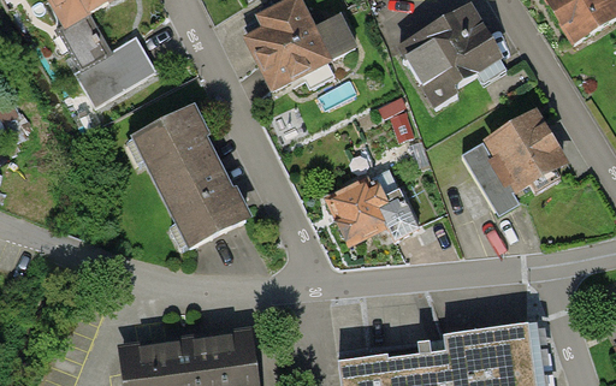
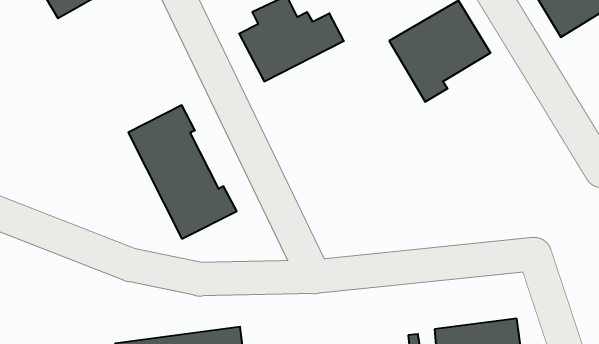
building: [57,11,156,105] -> none
building: [463,113,562,208] -> none
building: [326,178,420,242] -> none

